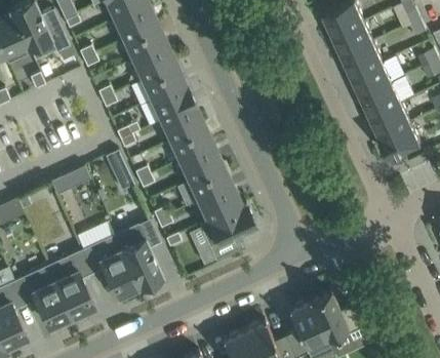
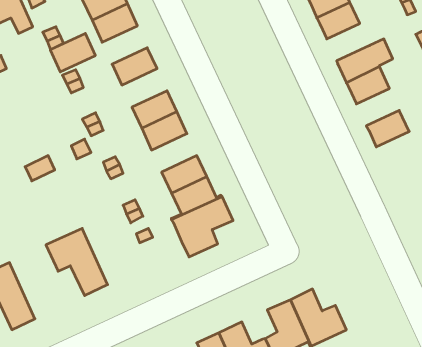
building: [343,44,383,79] -> none
building: [133,46,175,82] -> [50,33,95,72]
building: [152,86,194,122] -> none
building: [370,105,410,140] -> none
building: [179,147,222,183] -> none
building: [115,221,161,287] -> none
building: [47,250,93,319] -> none

